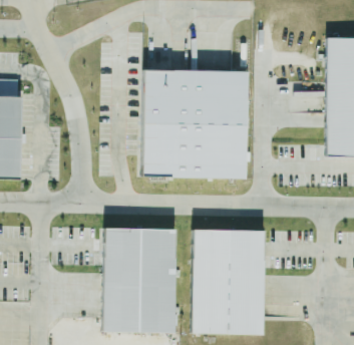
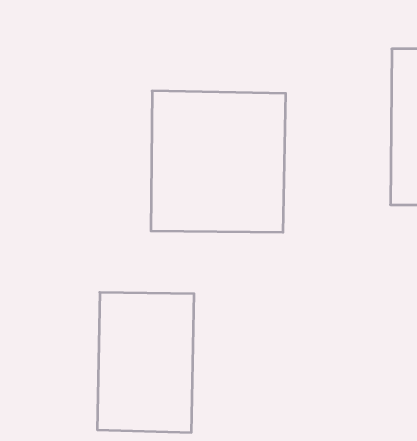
building: [193,226,265,333] -> none

